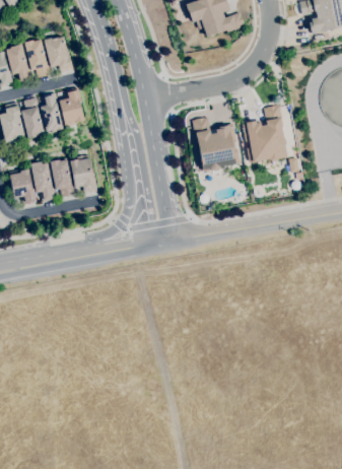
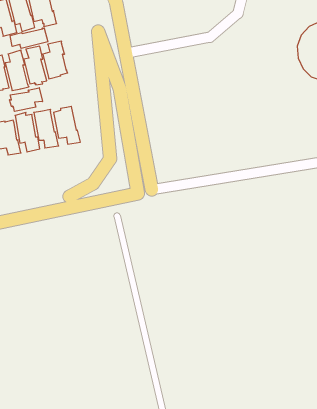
building: none -> [10,28,48,48]
building: [243,105,288,161] -> none
building: [193,117,242,171] -> none
building: none -> [10,88,42,111]

